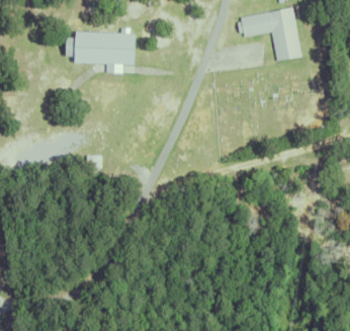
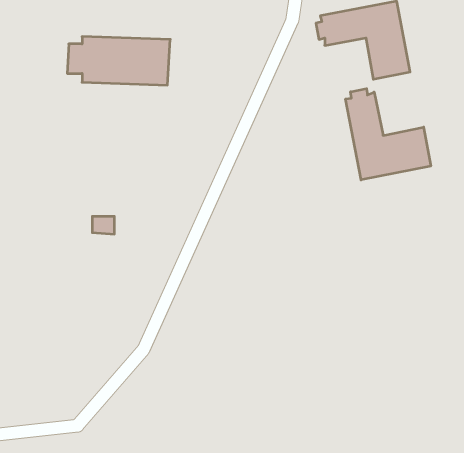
building: none -> [346,89,431,180]

